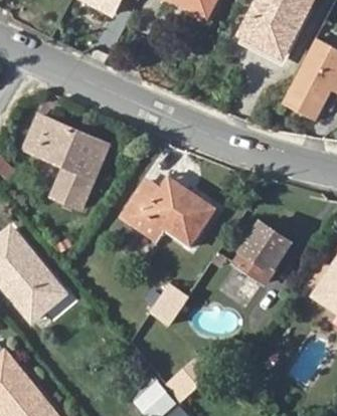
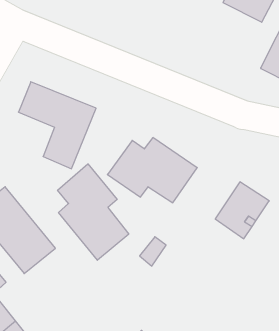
building: none -> [58,164,129,260]

